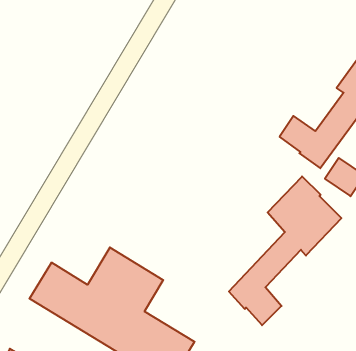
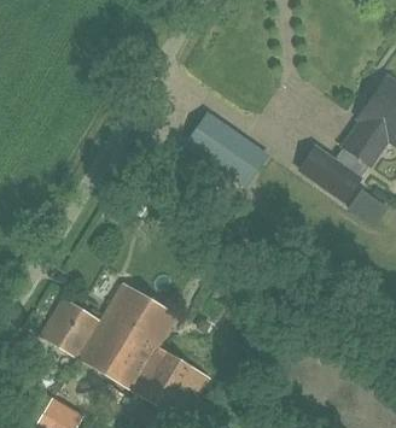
building: none -> [187,113,266,184]
building: [229,176,341,325] -> none

